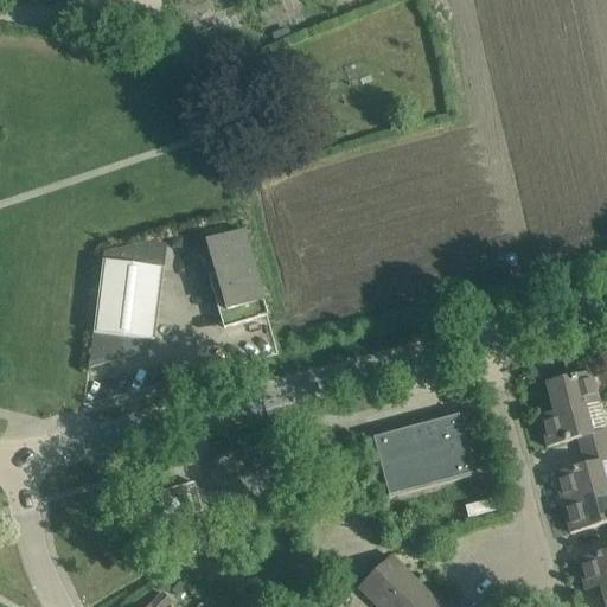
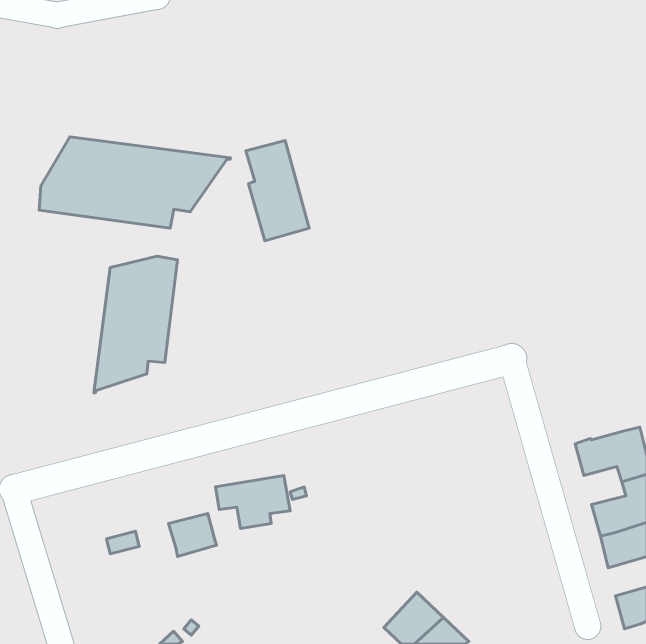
building: none -> [39,137,230,228]
building: [207,231,267,325] -> [246,141,309,241]
building: [547,370,600,411] -> none
building: [371,411,477,497] -> none

